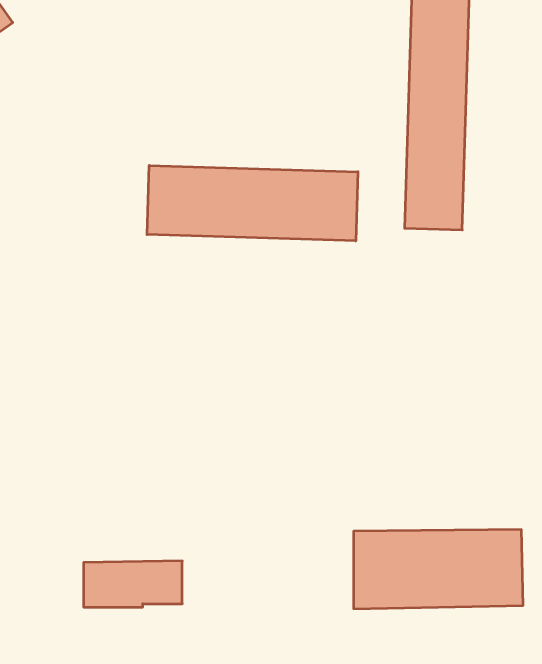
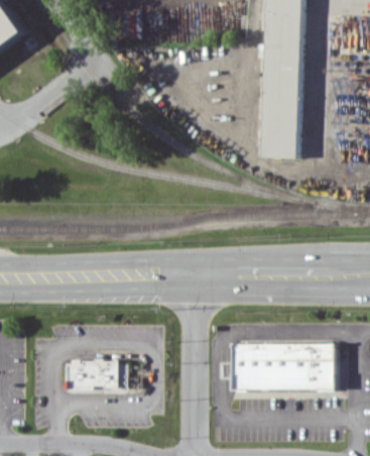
building: [147,165,358,241] -> none

